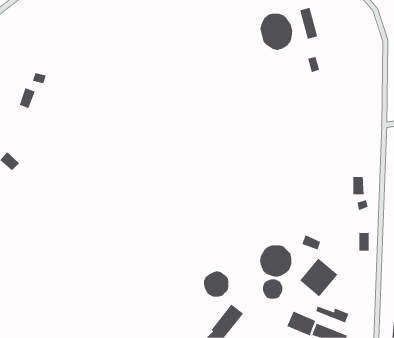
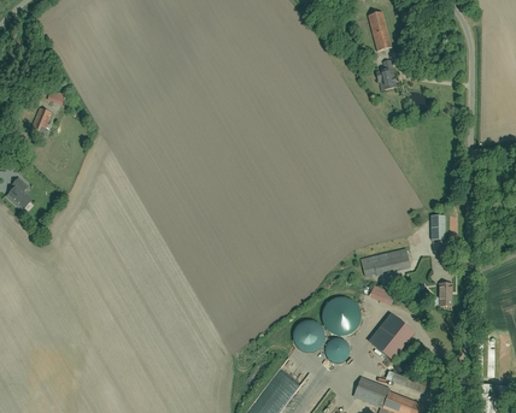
building: [259,13,293,51] -> none
building: none -> [362,248,410,276]
building: [203,271,229,298] -> [292,320,323,353]

